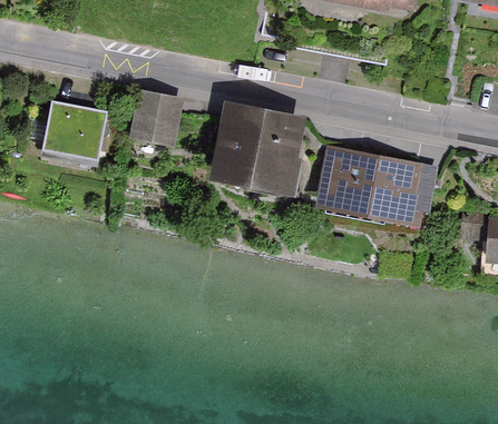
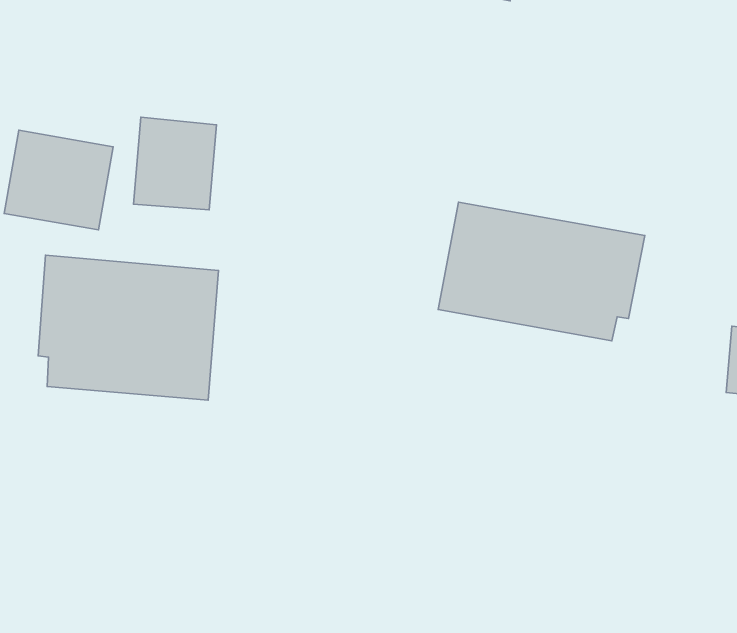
building: [212,109,299,193] -> none
building: none -> [38,255,218,400]

